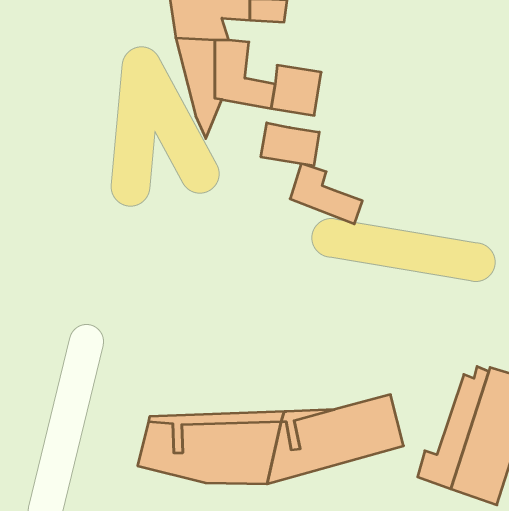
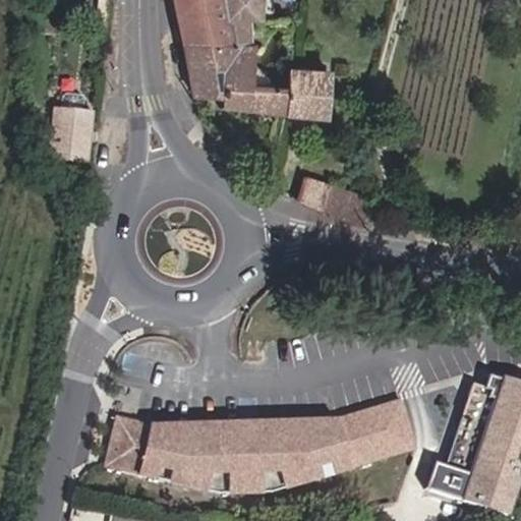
building: none -> [52,108,93,162]
building: [261,123,319,166] -> none
building: none -> [106,417,156,472]

